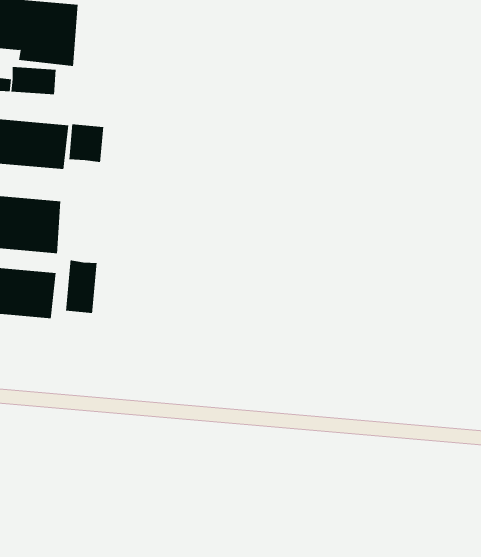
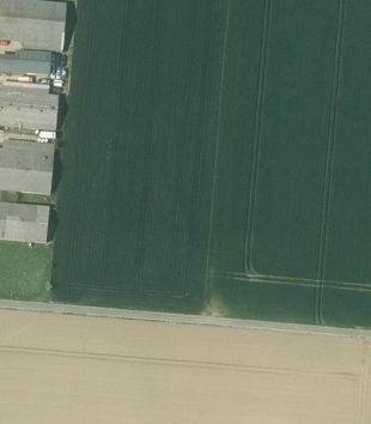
building: [69,123,104,163] -> none
building: [66,260,97,314] -> none

